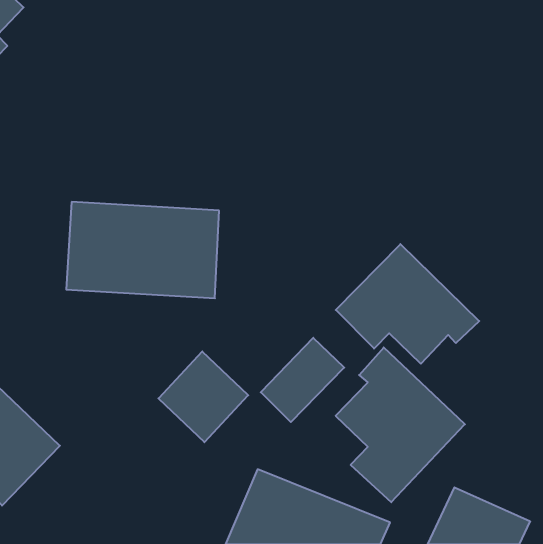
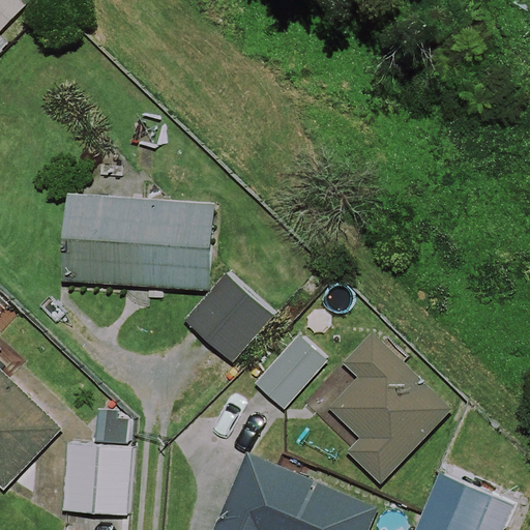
building: [336,244,479,364] -> none
building: [158,351,248,442] -> [185,275,272,363]
building: none -> [65,444,127,516]

